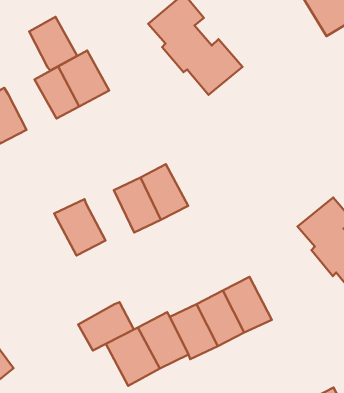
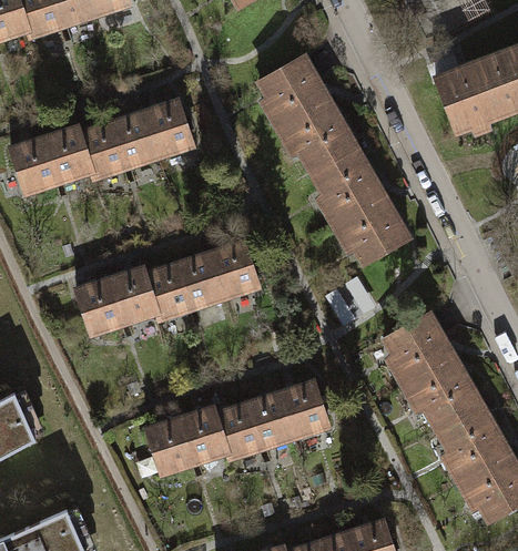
building: [29,17,77,71] -> [84,120,133,178]
building: none -> [307,146,406,263]
building: none -> [150,258,197,318]
building: none -> [74,273,129,336]
building: [78,302,134,350] -> none

